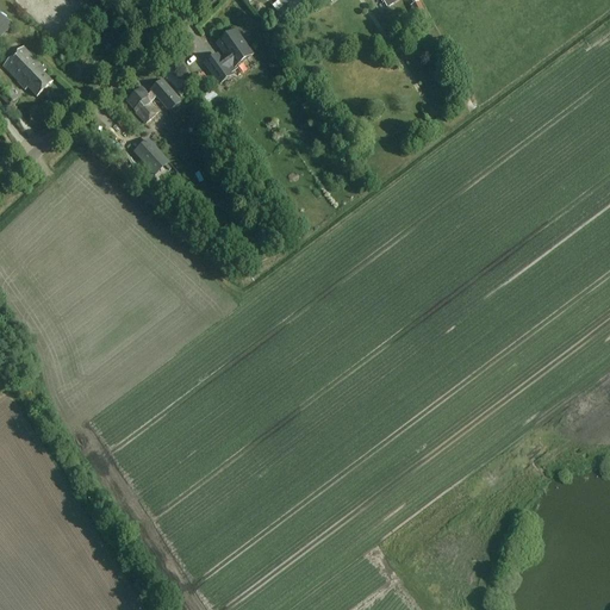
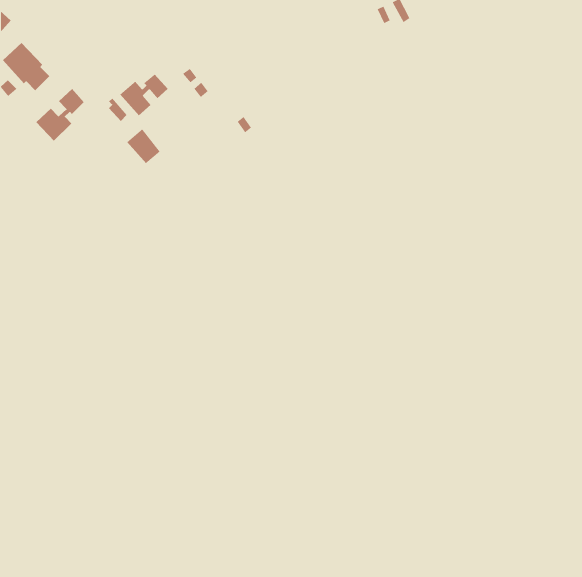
building: [205,27,253,80] -> none
building: none -> [35,88,84,141]

